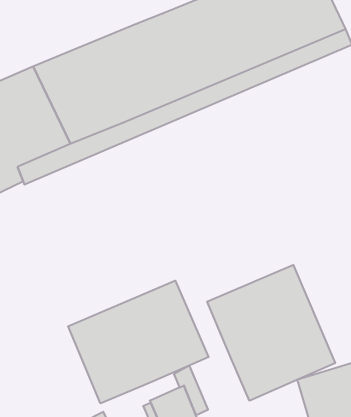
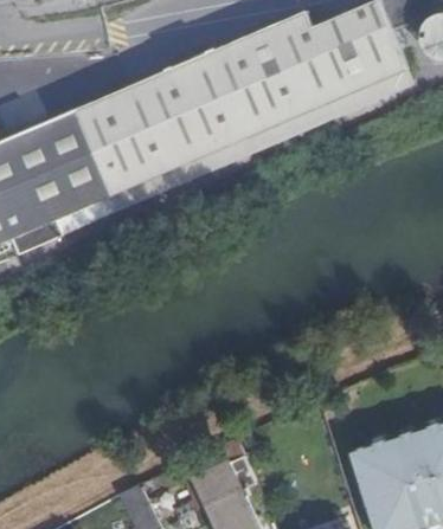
building: [207,265,335,401] -> none
building: [68,281,209,403] -> none

